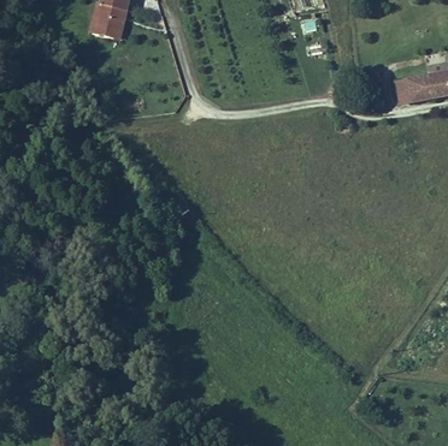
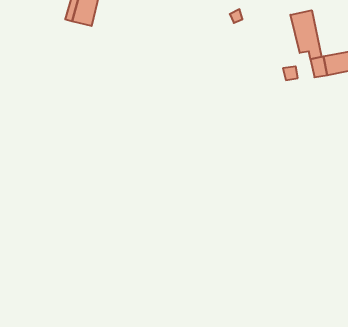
building: none -> [290,10,322,59]

